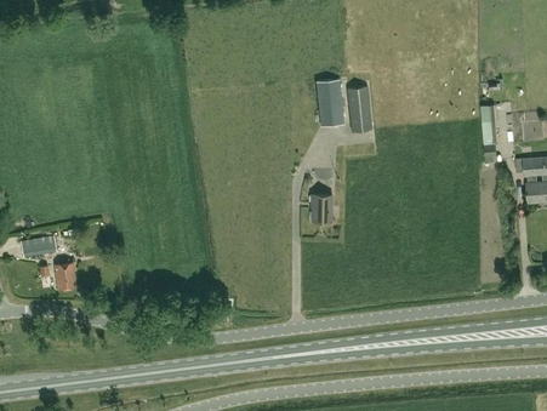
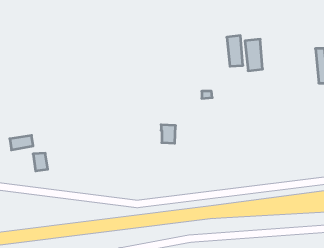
building: [315,79,342,126] -> [245,39,263,71]
building: [309,195,331,223] -> [161,125,176,143]

